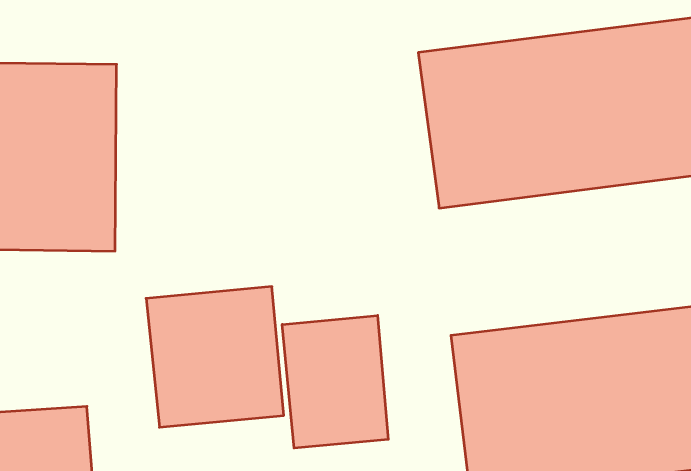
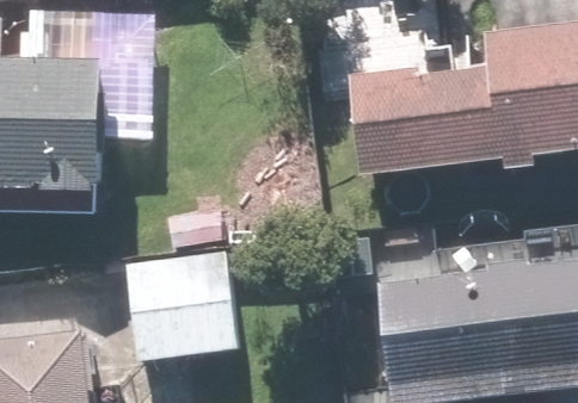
building: [282,315,388,448] -> none

